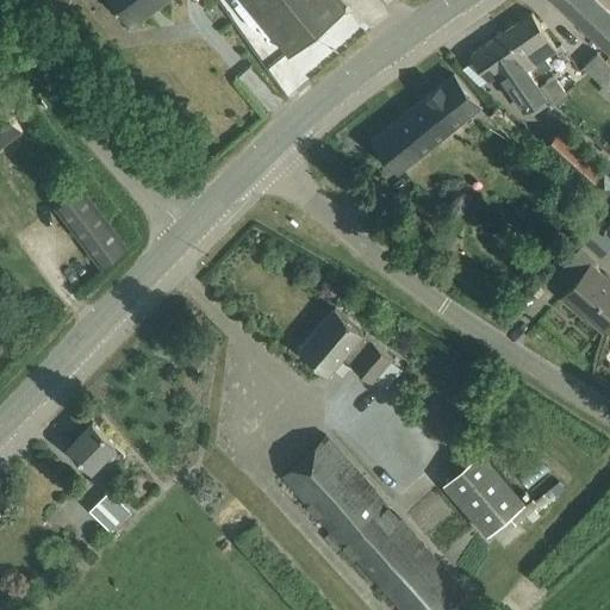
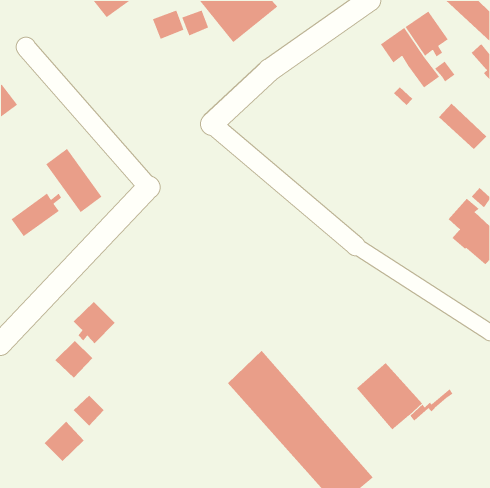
building: none -> [152,9,184,40]
building: [372,77,479,175] -> none
building: none -> [11,192,62,237]
building: [300,310,394,384] -> none
building: none -> [73,301,115,344]
building: none -> [44,421,85,462]

